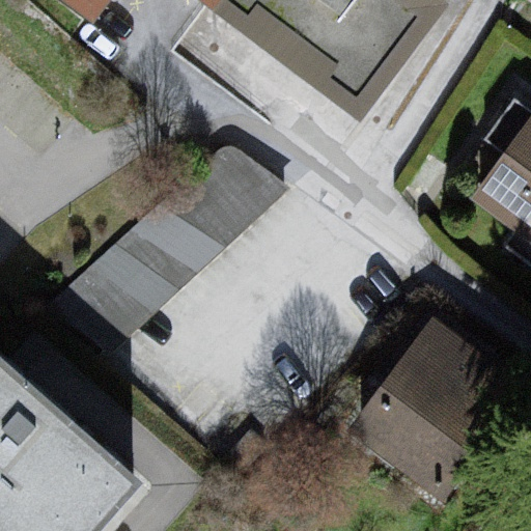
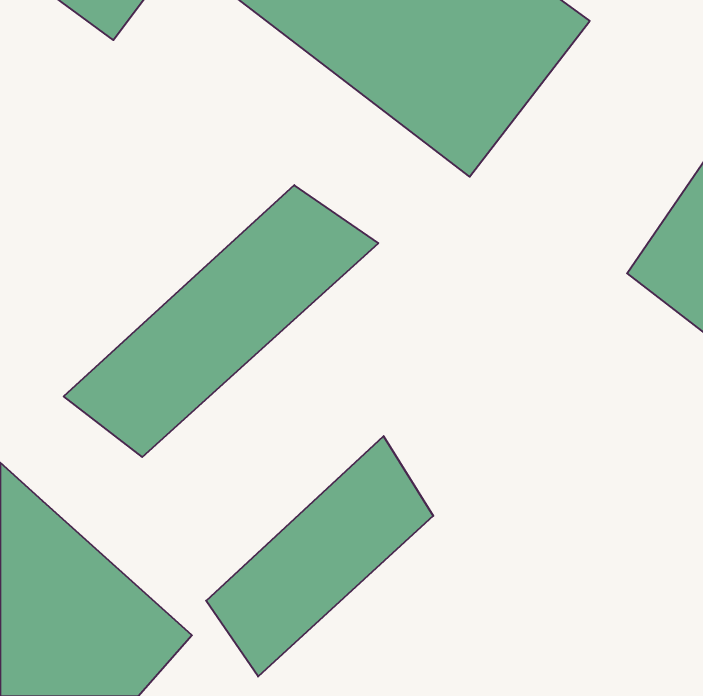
building: [343,317,505,497] -> none
building: none -> [206,436,433,677]

